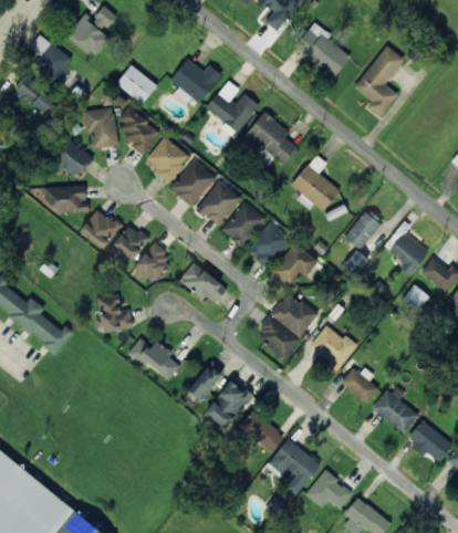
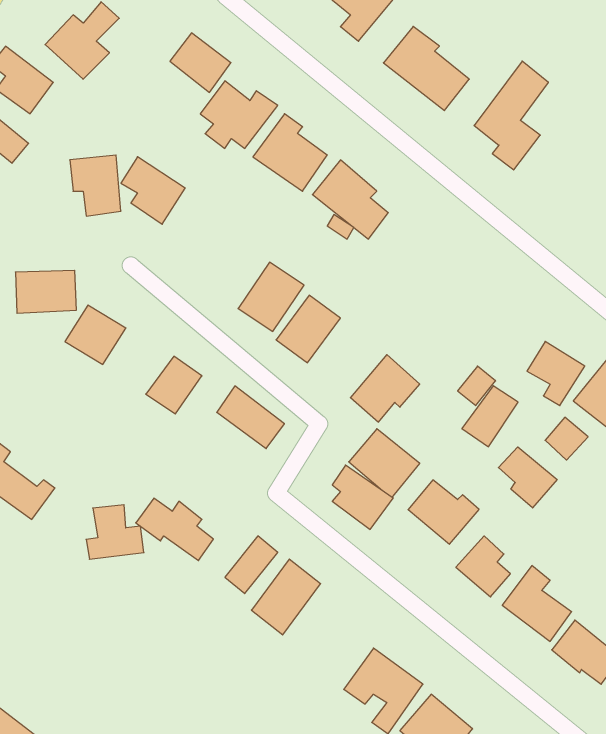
building: [116,65,157,105] -> [170,33,231,92]
building: [50,137,93,178] -> none
building: [144,137,189,182] -> none
building: [291,155,340,212] -> none
building: [170,160,216,207] -> none
building: [344,210,382,251] -> [462,386,518,447]
building: [247,223,290,269] -> none
building: [107,224,148,266] -> none
building: [94,295,133,332] -> [86,505,144,559]
building: none -> [498,447,557,508]
building: [238,411,285,453] -> none

